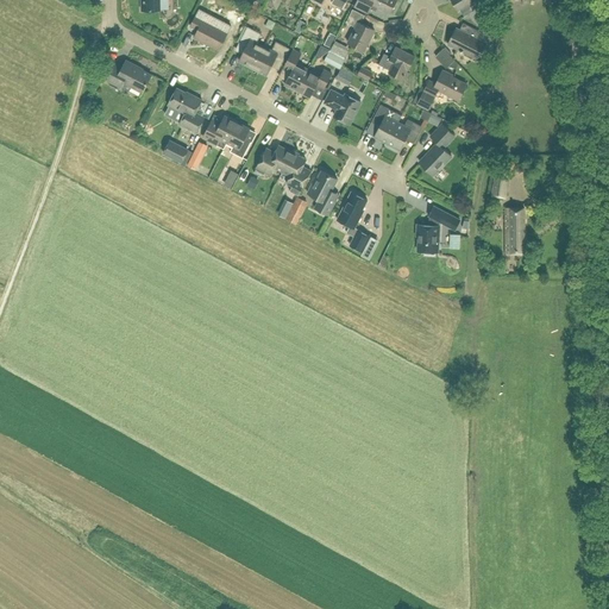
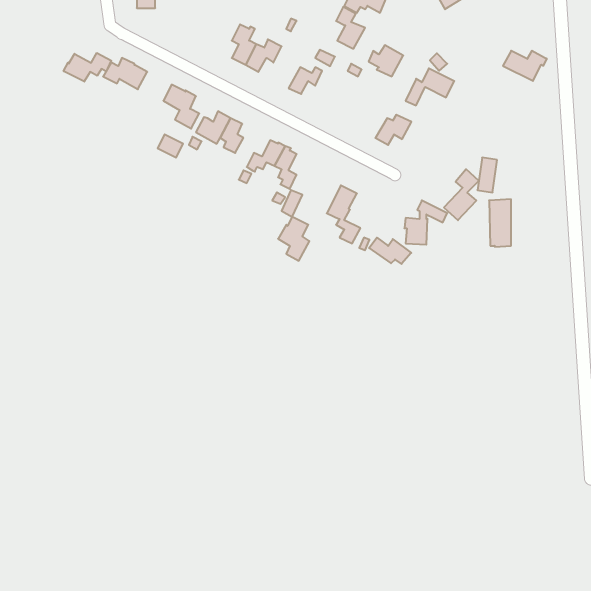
building: [189,10,226,48] -> none
building: [446,27,491,58] -> [503,51,547,81]
building: [283,49,308,90] -> none
building: none -> [64,53,111,82]
building: [324,89,360,123] -> none
building: [370,103,397,142] -> none
building: [417,123,453,175] -> [444,169,479,220]
building: [306,169,338,214] -> [278,217,309,261]
building: none -> [369,238,411,264]

